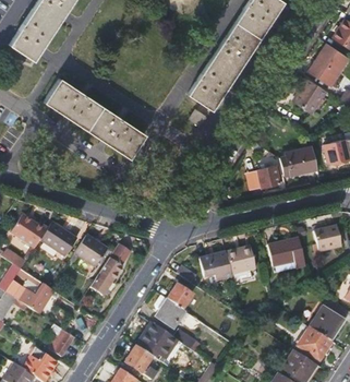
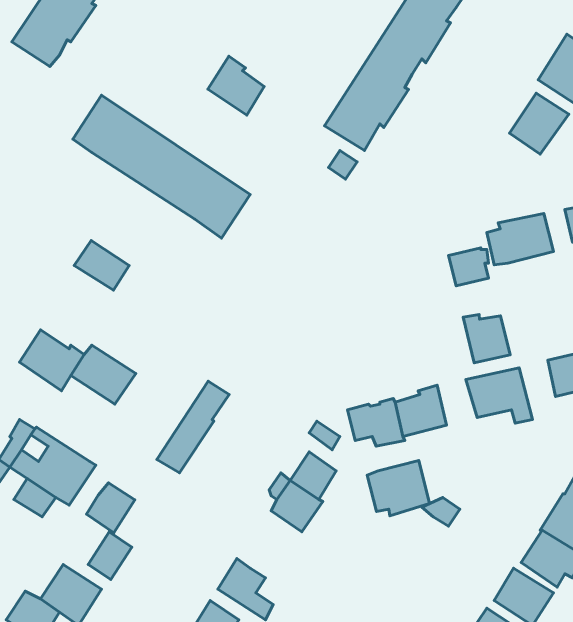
building: none -> [208,56,264,115]
building: none -> [74,240,129,290]
building: none -> [463,314,510,363]
building: [75,234,109,266] -> none
building: none -> [367,461,430,516]
building: none -> [86,483,135,533]
building: [140,322,179,362] -> none

